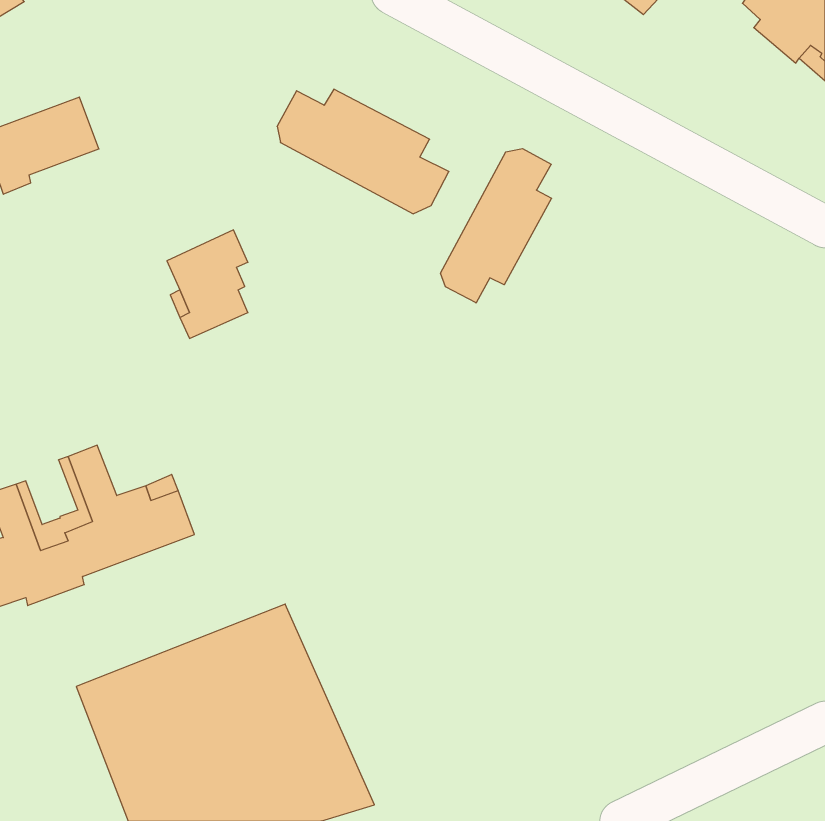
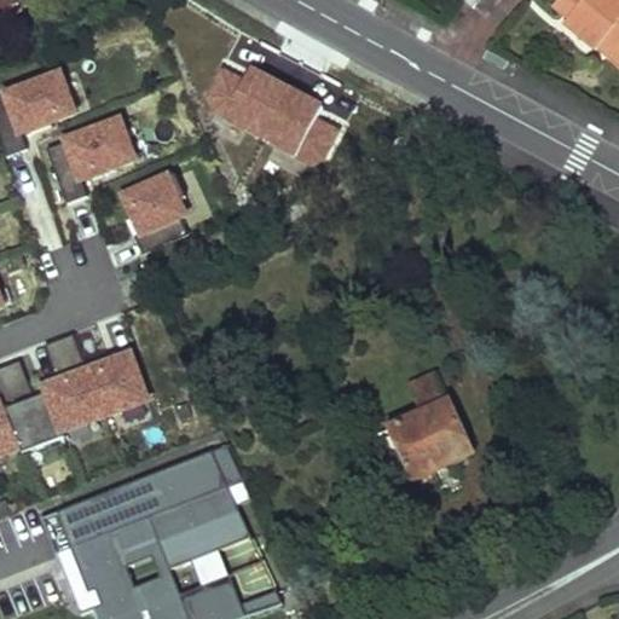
building: [441,149,552,303] -> none
building: none -> [46,120,133,202]
building: none -> [389,364,472,478]

